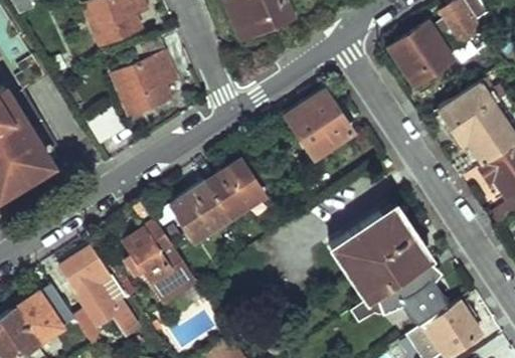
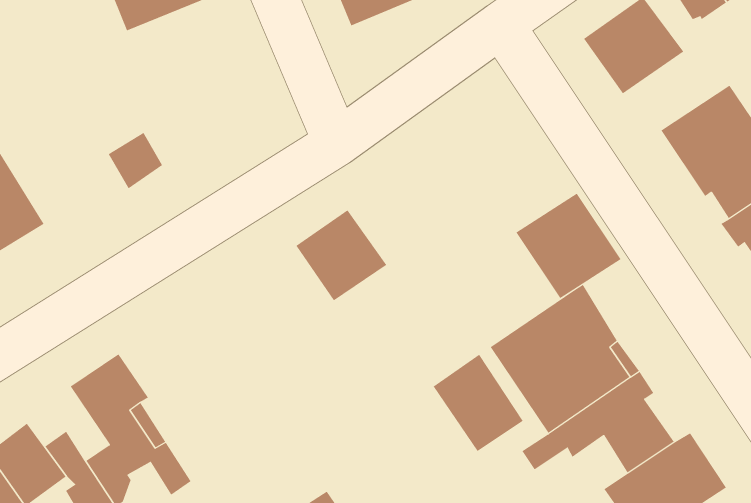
building: [112,37,182,114] -> none
building: [286,92,353,159] -> [516,193,621,299]
building: [172,182,231,240] -> none
building: [125,199,200,310] -> none
building: none -> [433,354,523,452]

